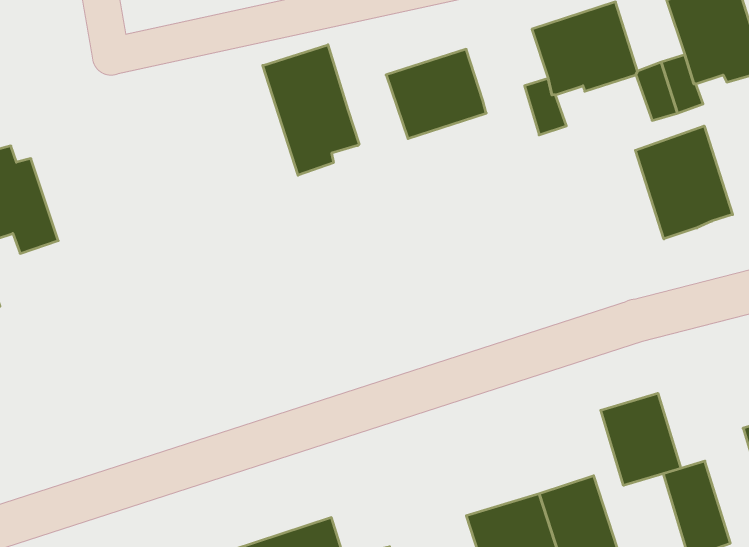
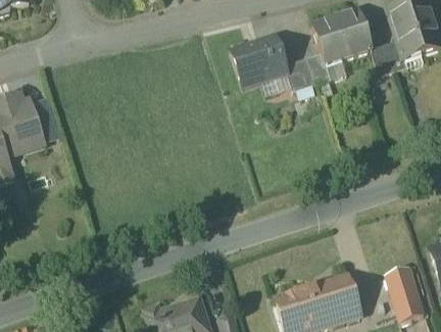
building: [263,45,359,175] -> none
building: none -> [285,56,316,91]
building: [635,126,733,239] -> none
building: [601,393,681,485] -> none

